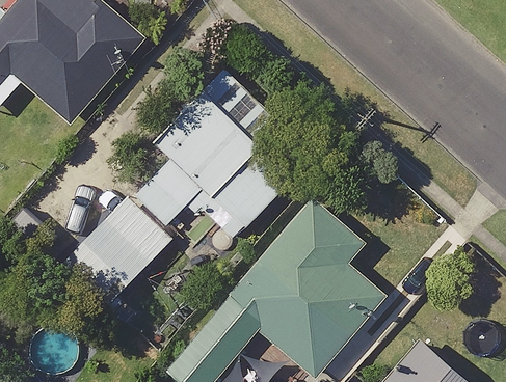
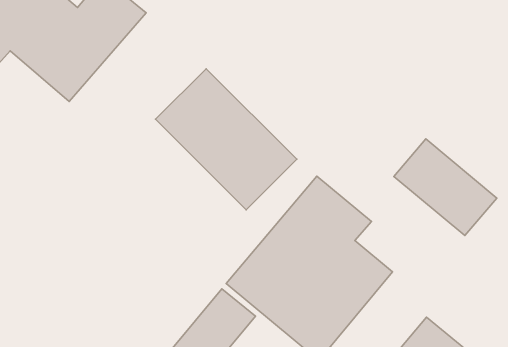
building: none -> [394,139,497,236]
building: [57,197,169,311] -> none

